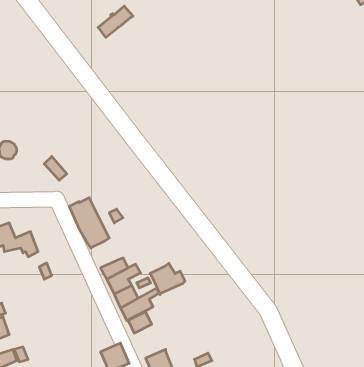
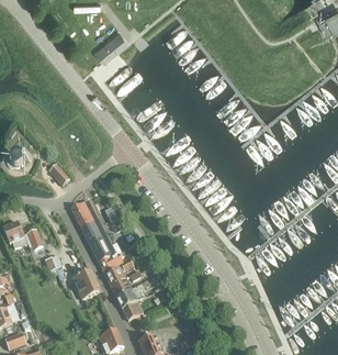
building: [150,263,185,295] -> [89,234,120,262]
building: none -> [71,268,98,298]

